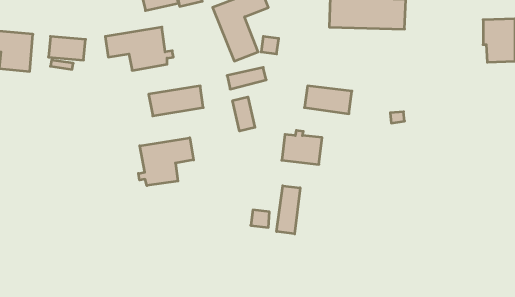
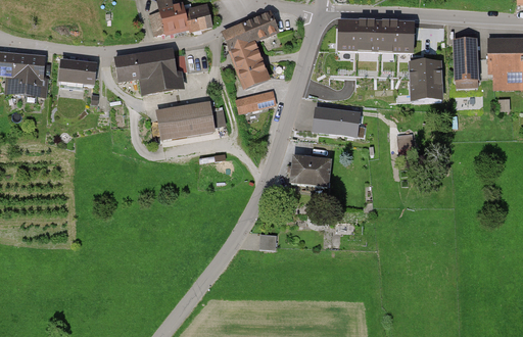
building: none -> [454,31,477,81]
building: none -> [410,57,441,100]
building: [233,97,255,131] -> none
building: [138,138,194,186] -> none
building: [277,186,300,234] -> none

